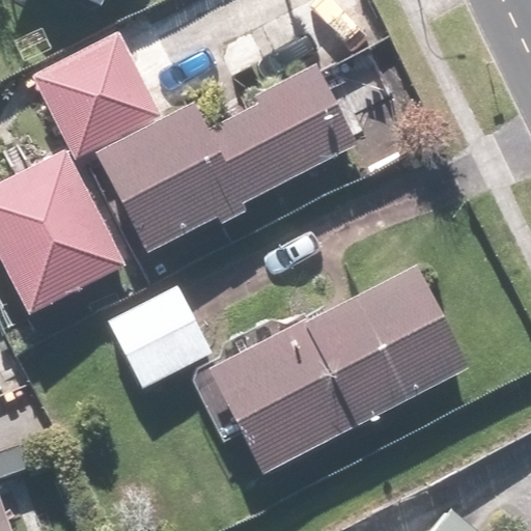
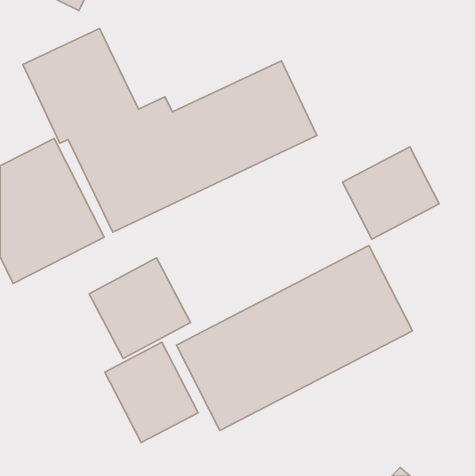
building: none -> [342,147,439,239]
building: none -> [105,342,198,443]

